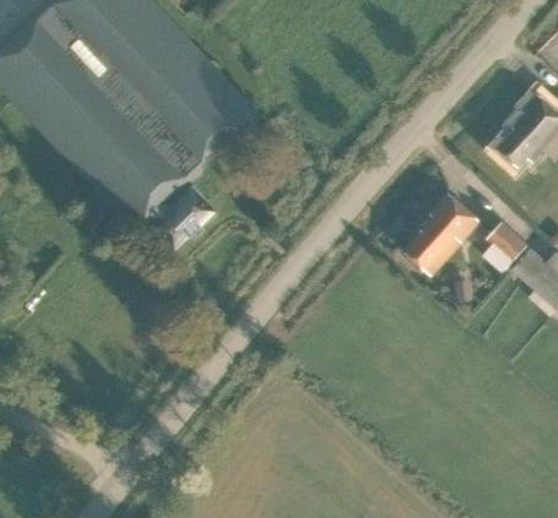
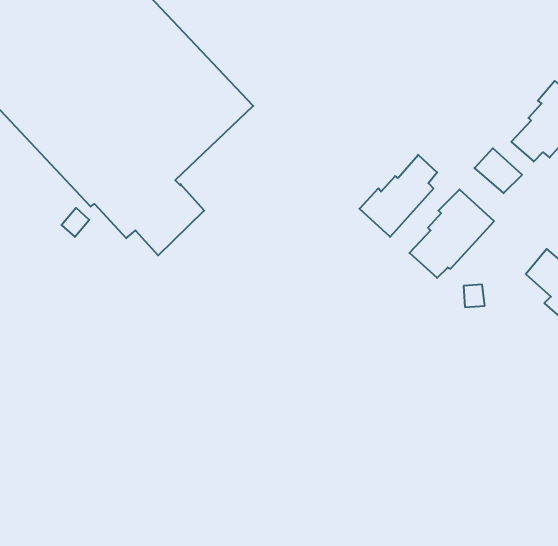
building: none -> [359,155,437,237]
building: [478,217,522,258] -> [474,148,522,193]

